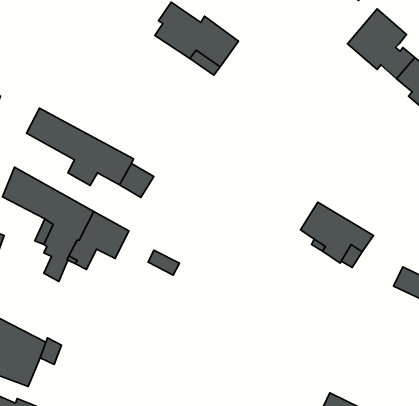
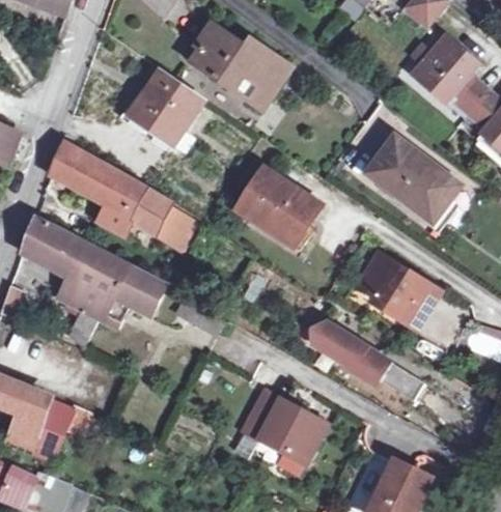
building: none -> [128,72,200,143]
building: none -> [364,132,461,224]
building: none -> [234,166,321,251]
building: none -> [312,321,423,399]
building: none -> [242,392,324,465]

